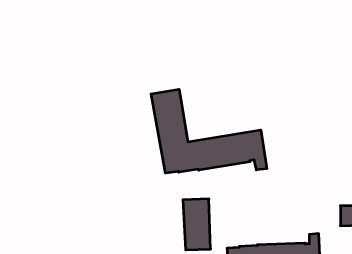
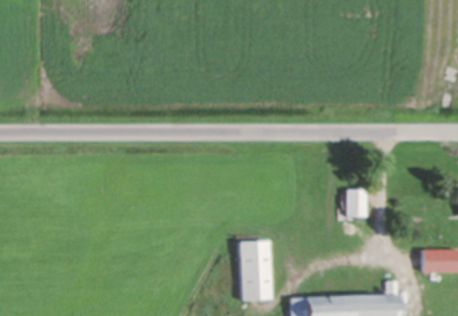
building: [151,89,267,173] -> none
building: none -> [347,190,367,217]

